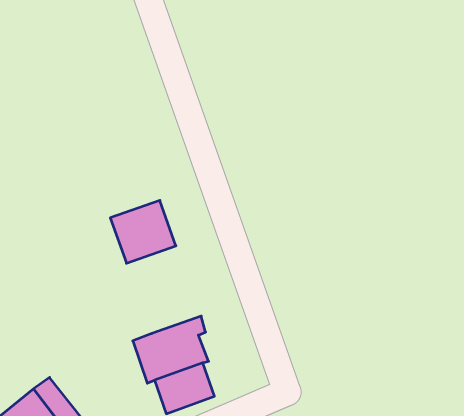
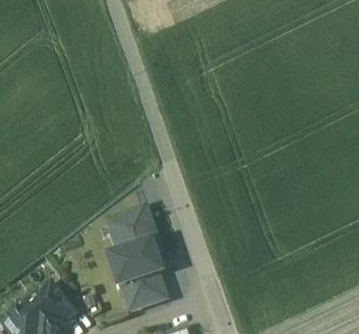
building: [110,200,176,263] -> [112,209,158,253]

